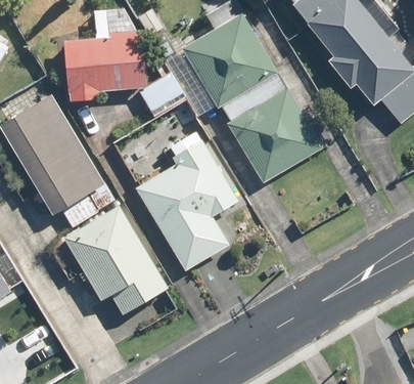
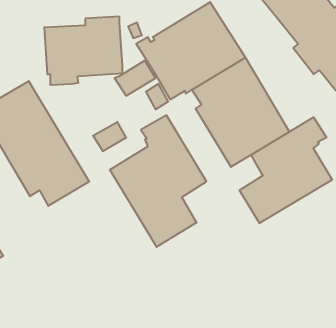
building: none -> [240,117,332,223]
building: [63,205,168,314] -> none

